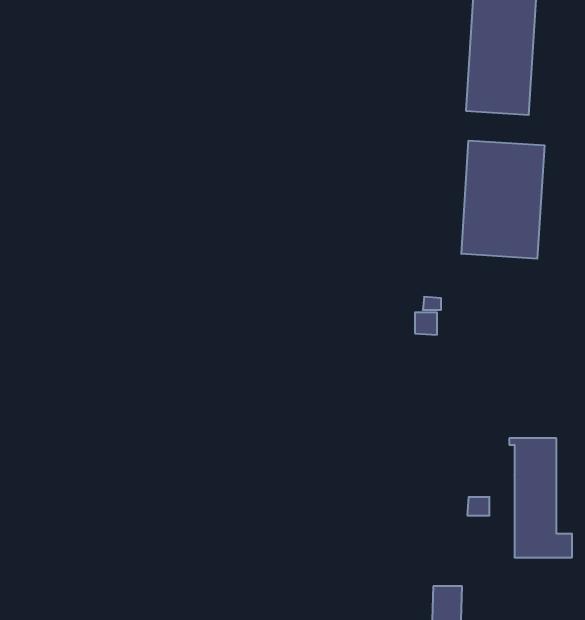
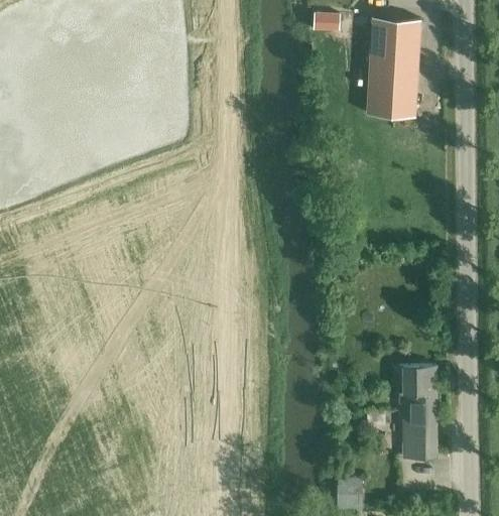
building: [461,141,544,259] -> none

